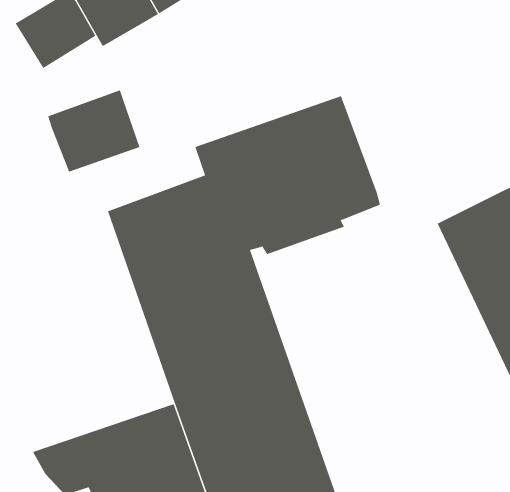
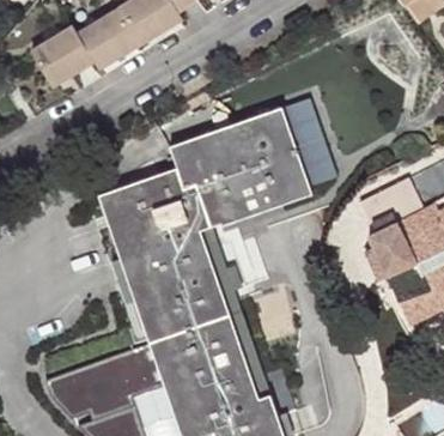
building: none -> [280,98,334,181]
building: [48,90,140,173] -> none

